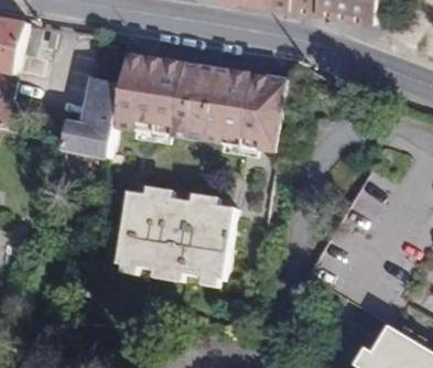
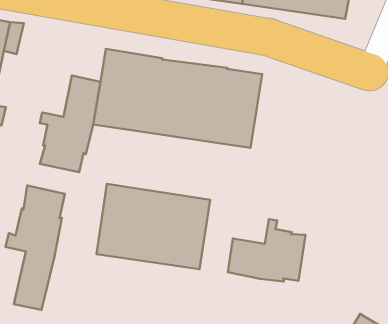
building: none -> [6,186,65,310]
building: none -> [228,219,305,281]

